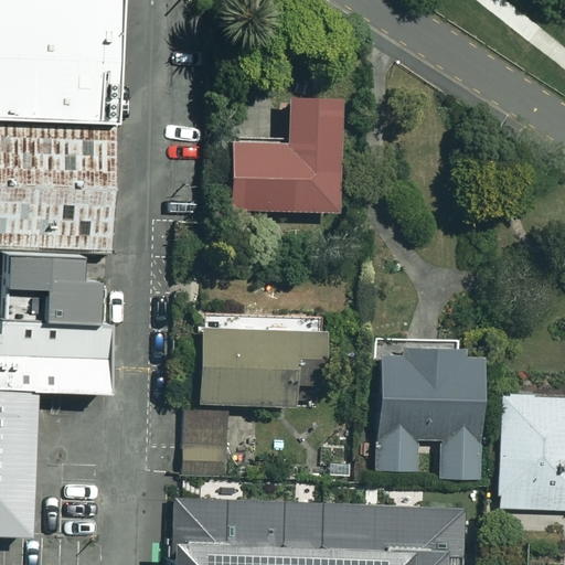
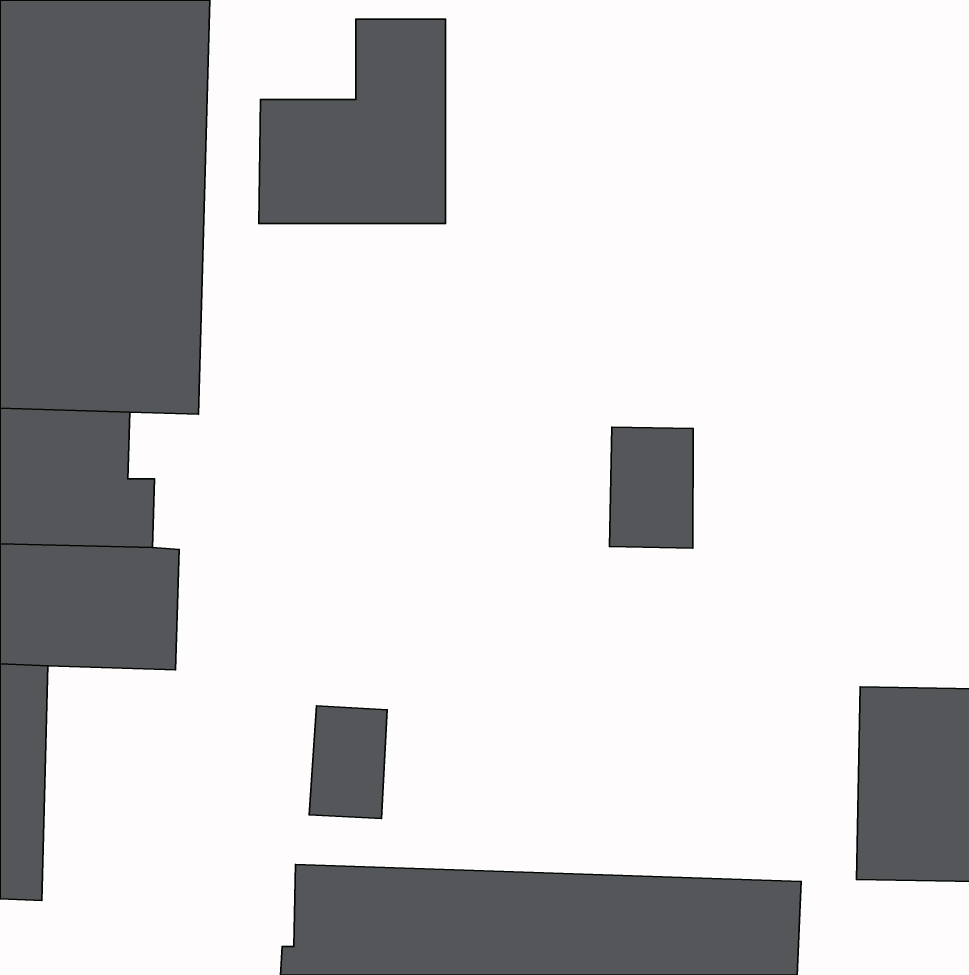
building: [223,90,331,209] -> [259,19,446,223]
building: none -> [609,427,693,548]
building: [199,329,324,409] -> none
building: [376,348,483,480] -> none

